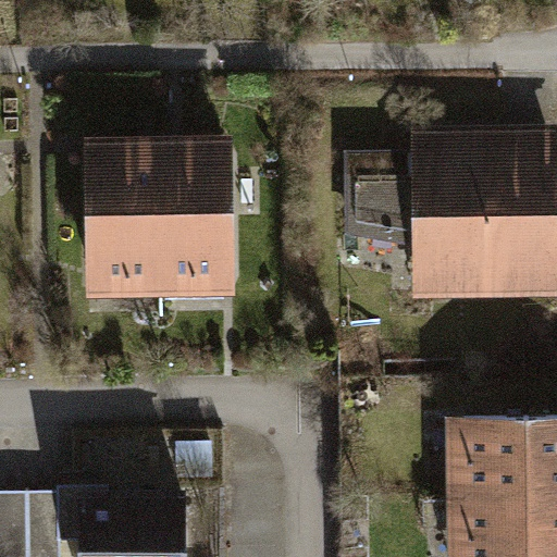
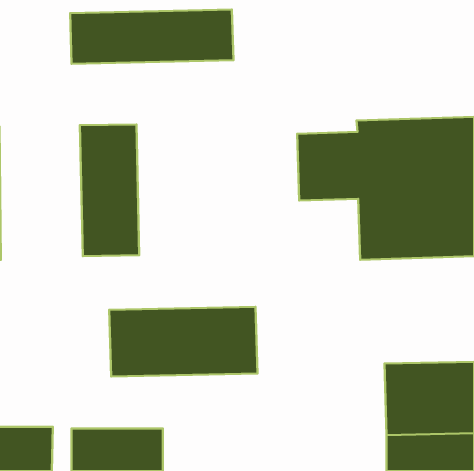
building: none -> [70,10,233,64]
building: [158,141,232,295] -> none
building: none -> [109,307,257,377]

